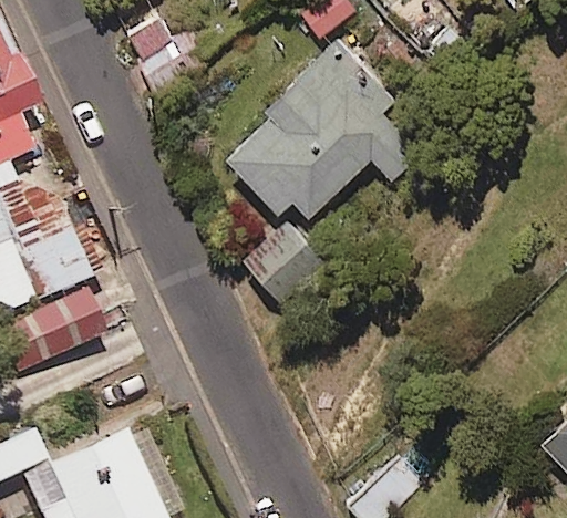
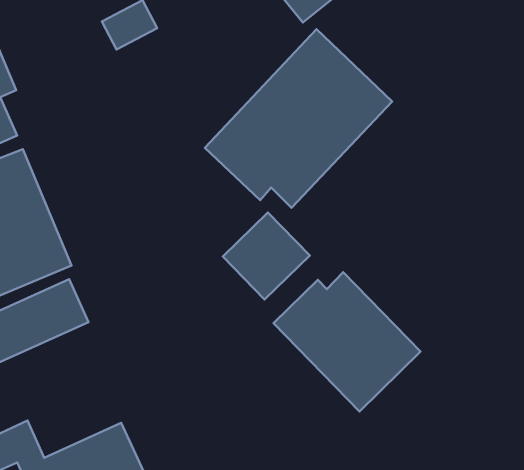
building: none -> [273,272,421,412]

